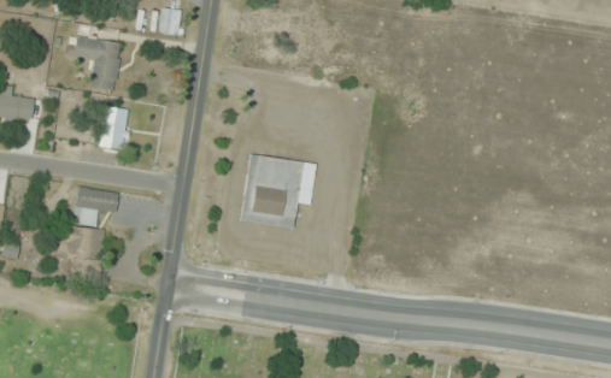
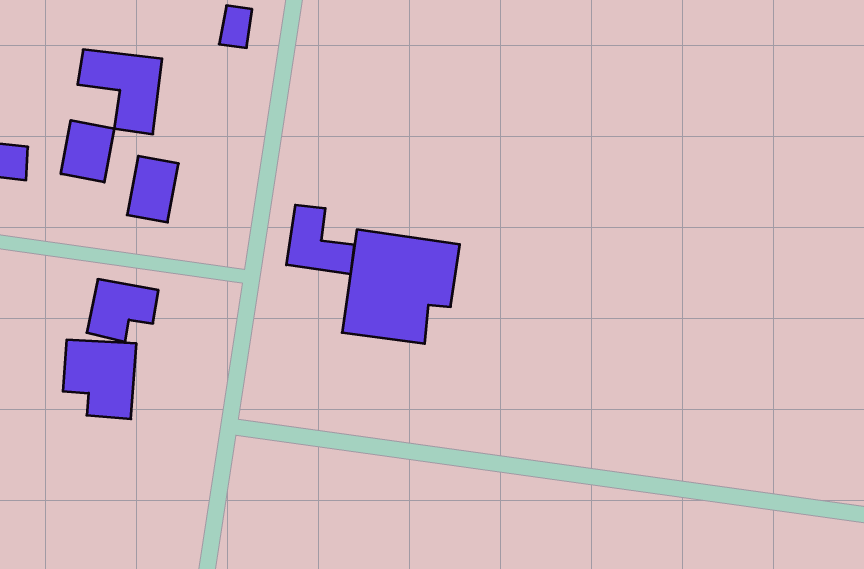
building: none -> [61,120,114,182]
building: none -> [286,205,354,274]

